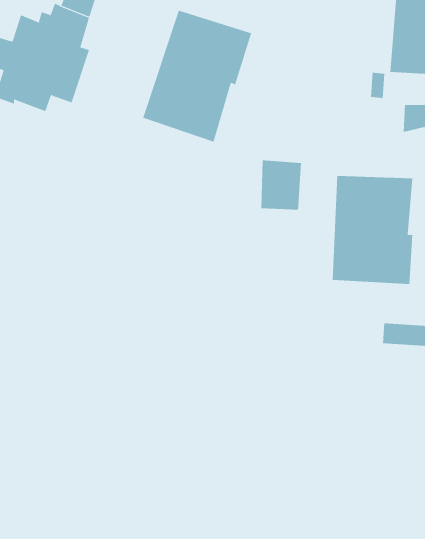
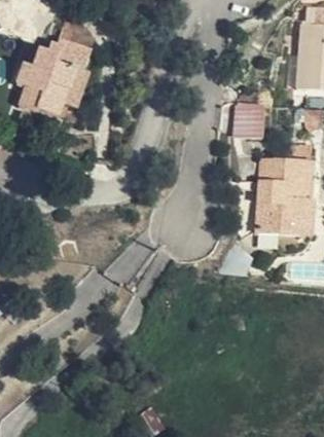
building: [142,10,252,142] -> none
building: [260,160,302,210] -> [236,102,264,137]

